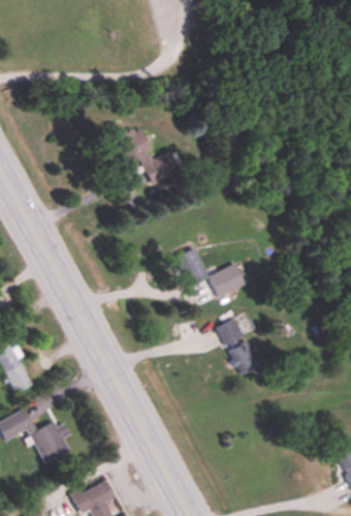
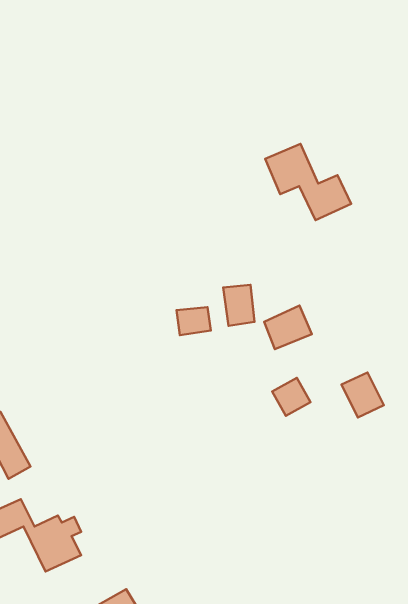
building: [115,127,180,185] -> [265,144,351,220]
building: none -> [177,307,211,335]
building: [228,341,260,375] -> [341,372,384,417]

